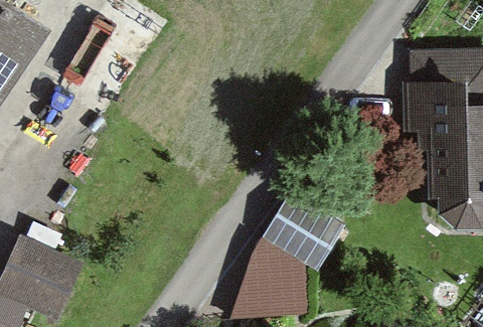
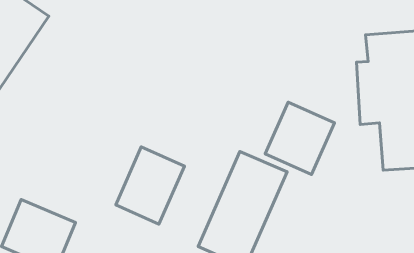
building: none -> [265,102,335,174]
building: none -> [116,147,184,224]

